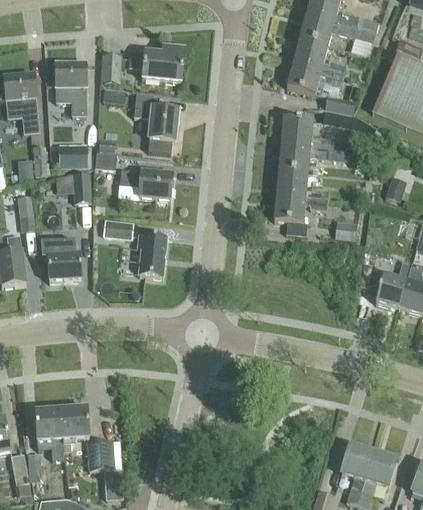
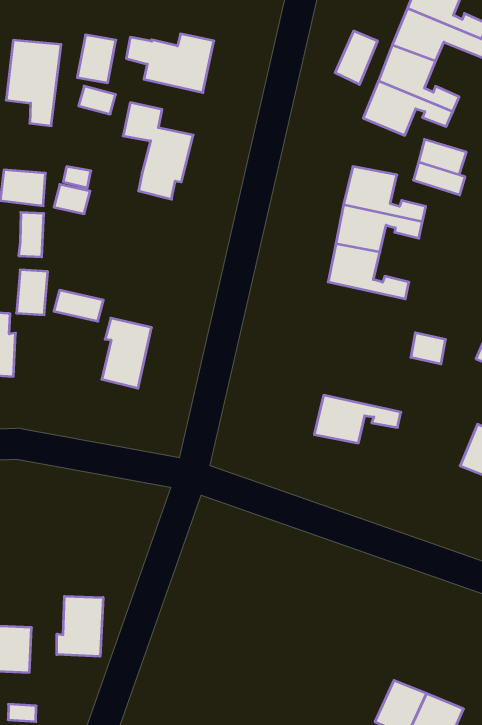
building: none -> [335,31,377,85]
building: [119,168,172,198] -> none
building: [273,193,327,221] -> [314,395,401,443]
building: none -> [57,596,103,656]

